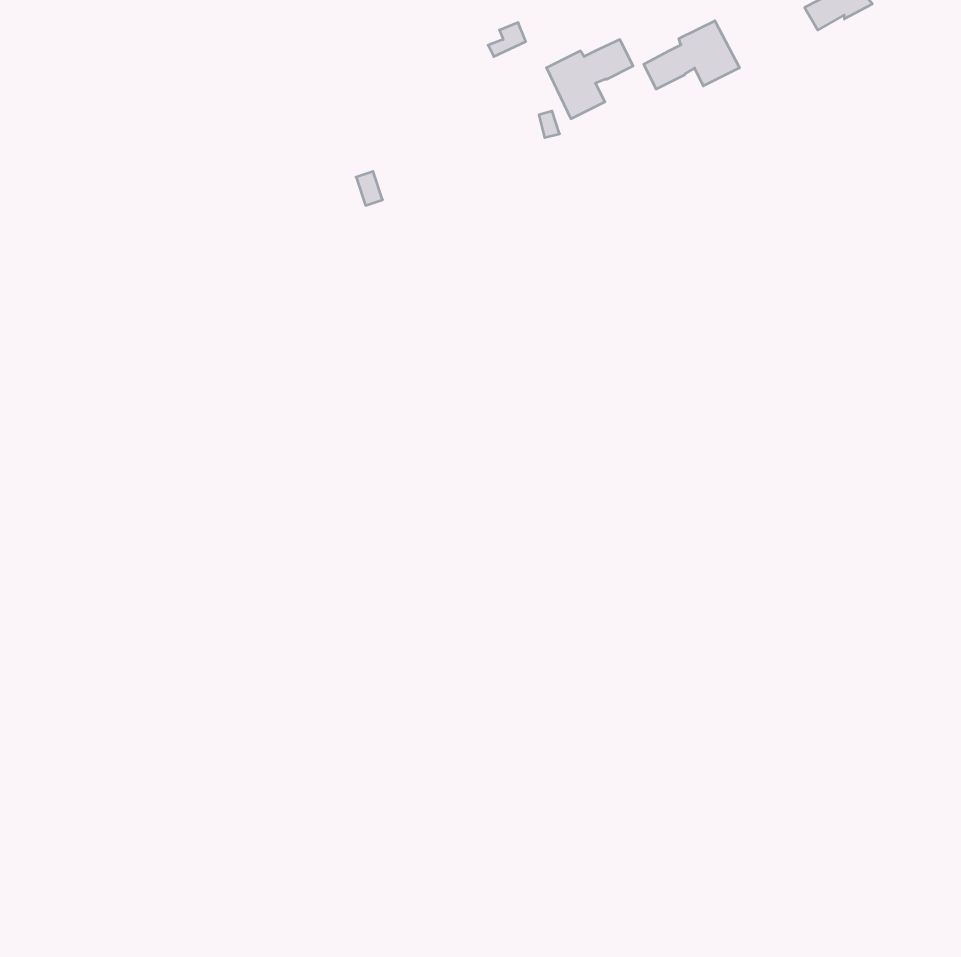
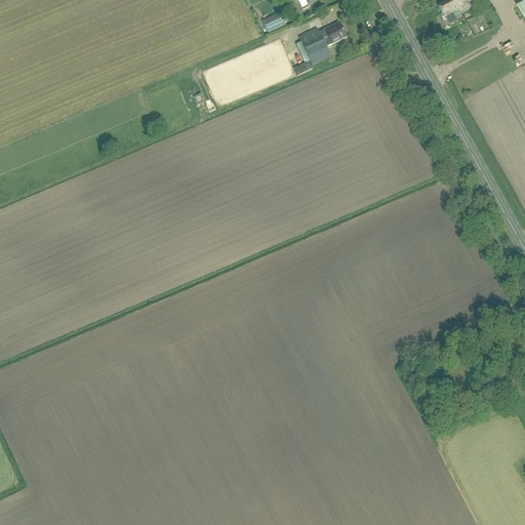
building: [644,21,739,89] -> none

